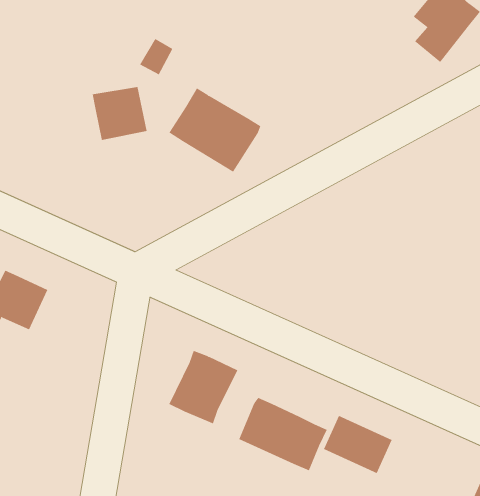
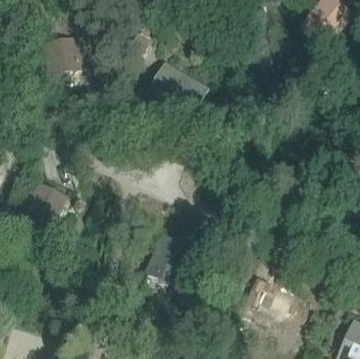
building: [92,86,147,141] -> [44,37,81,72]
building: [239,397,328,471] -> none

